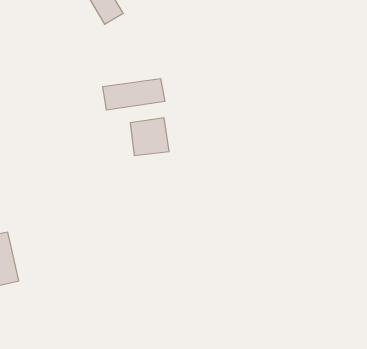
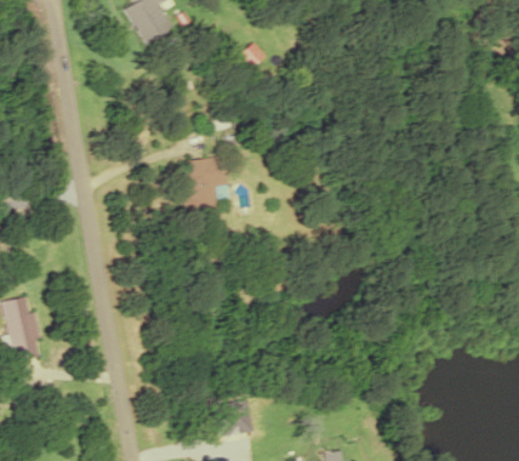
building: [103,79,165,110] -> none

